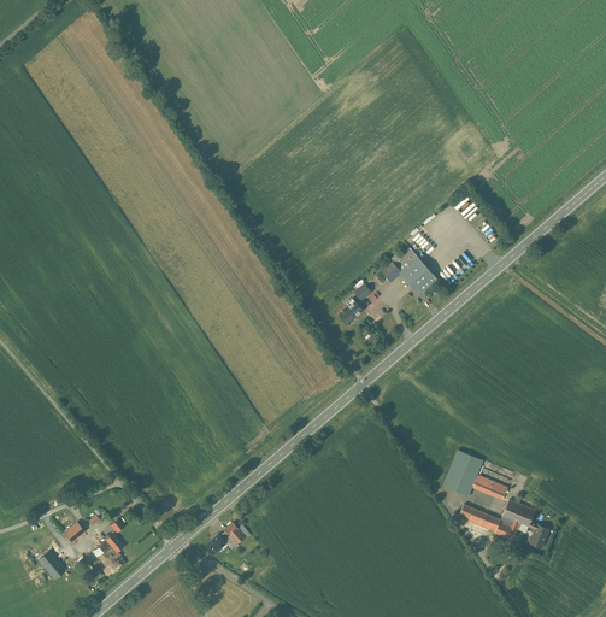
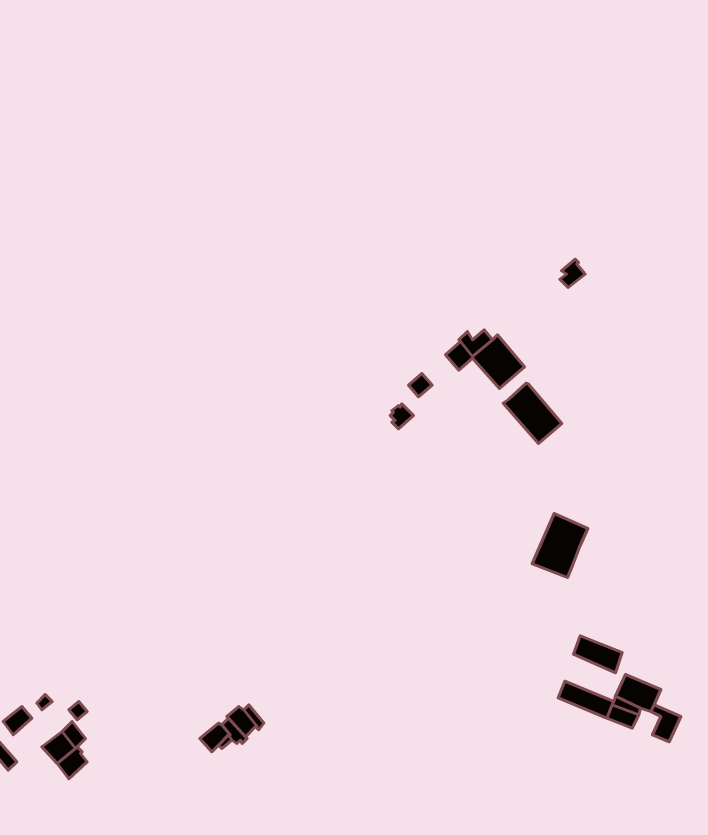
building: none -> [503,383,562,443]
building: [442,448,482,494] -> [532,513,588,577]

